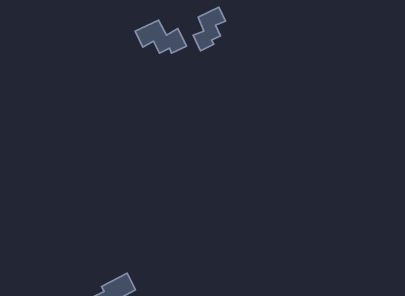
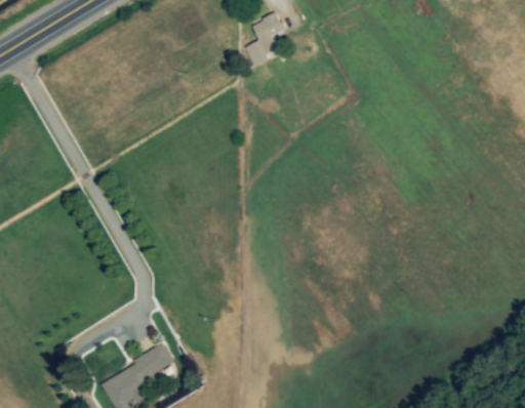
building: [135,20,186,53] -> none

